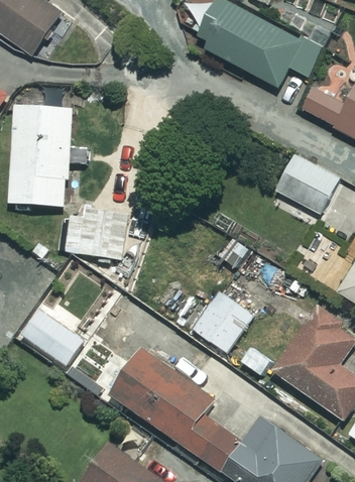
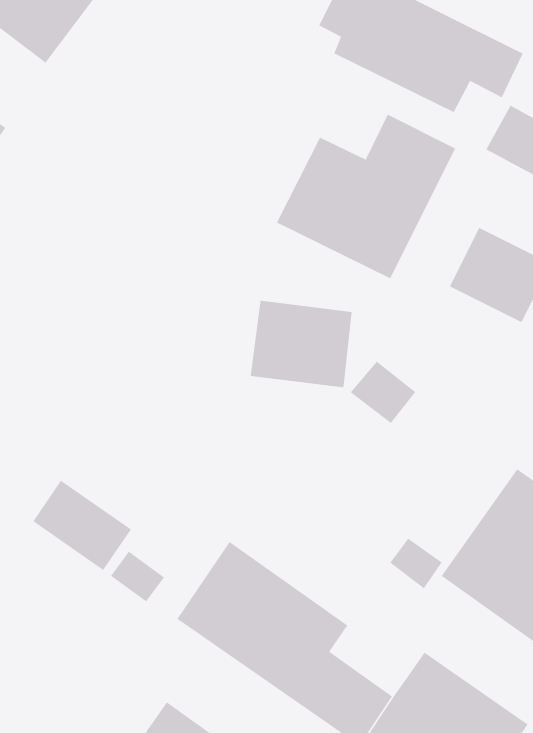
building: none -> [276,114,456,279]
building: [8,104,89,206] -> none
building: [66,206,128,259] -> [250,300,352,388]
building: [192,290,253,354] -> none

